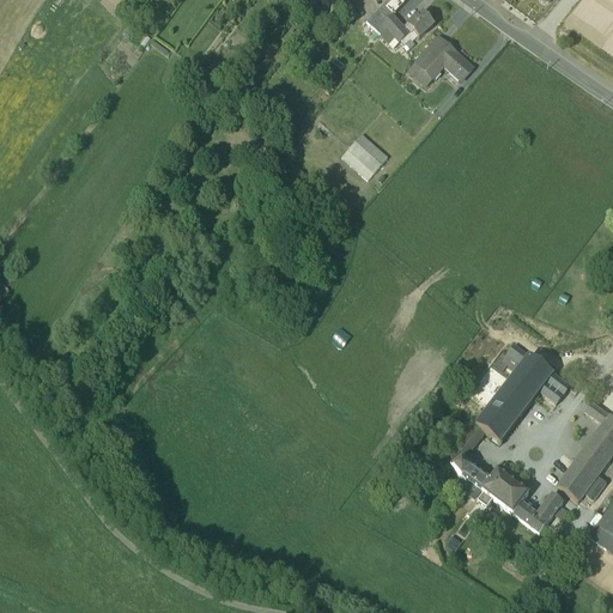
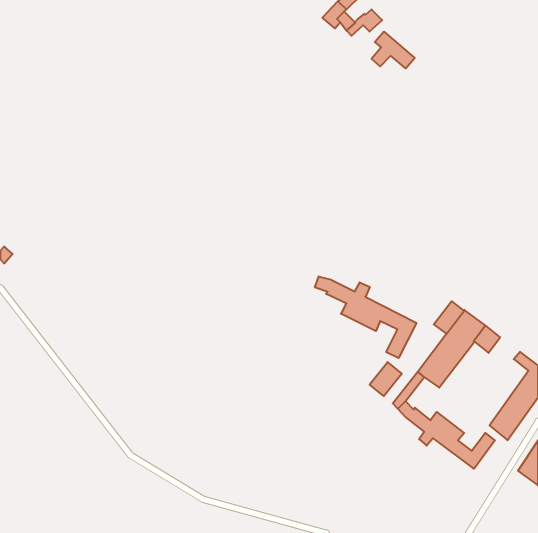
building: [348,133,388,171] -> none
building: none -> [315,276,416,358]
building: none -> [370,362,402,396]

